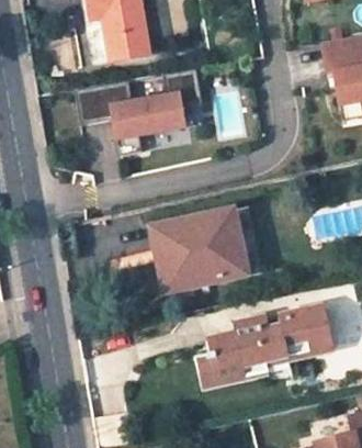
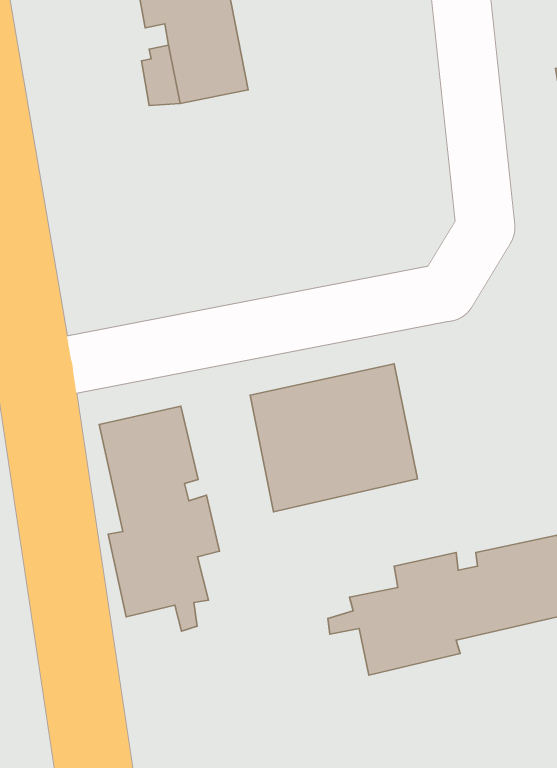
building: [77,68,203,154] -> none
building: none -> [99,406,219,631]

